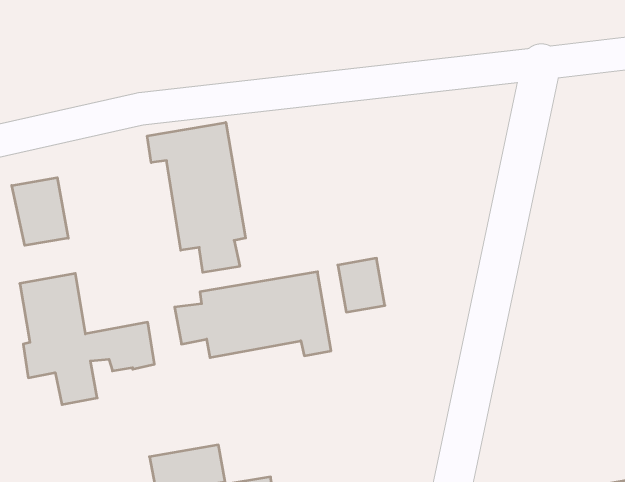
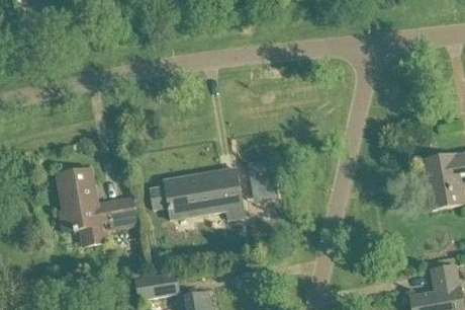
building: [147,122,246,272] -> none
building: [12,178,68,245] -> none

